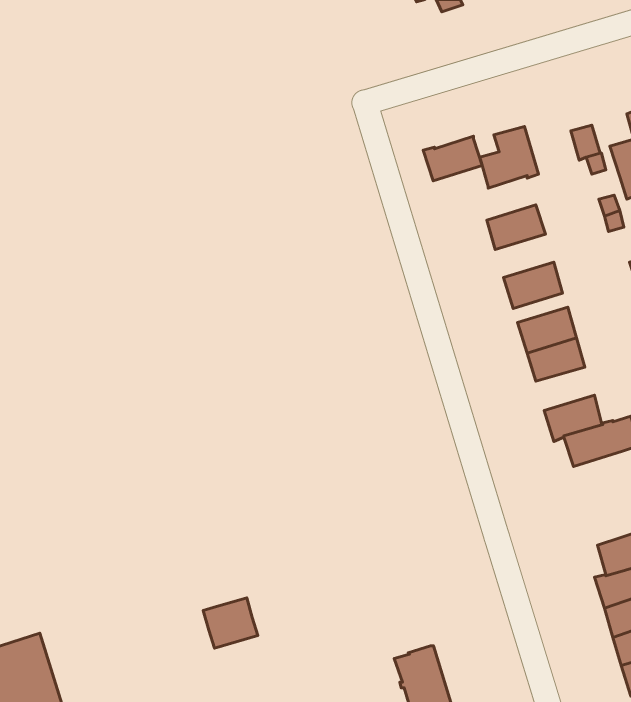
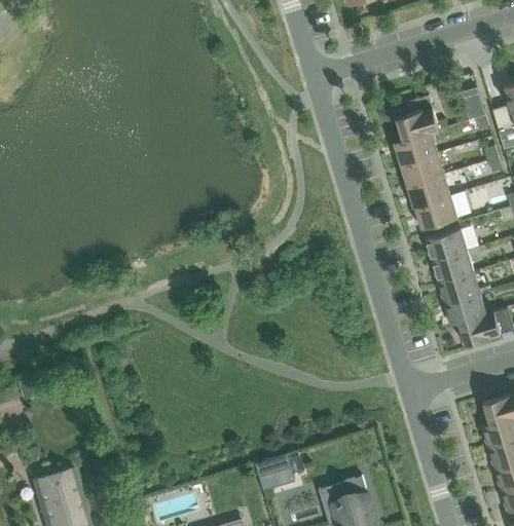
building: [423,136,482,181] -> [395,132,438,164]
building: none -> [408,175,451,206]
building: none -> [438,272,481,304]
building: [203,598,258,648] -> [256,454,296,491]

